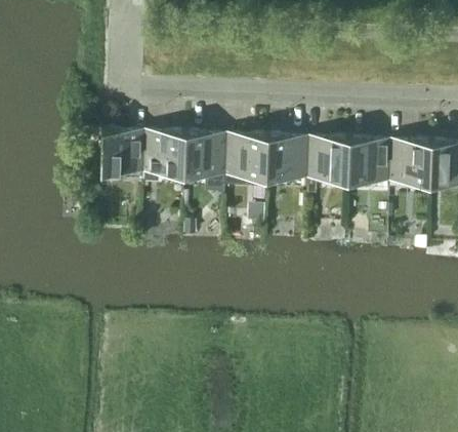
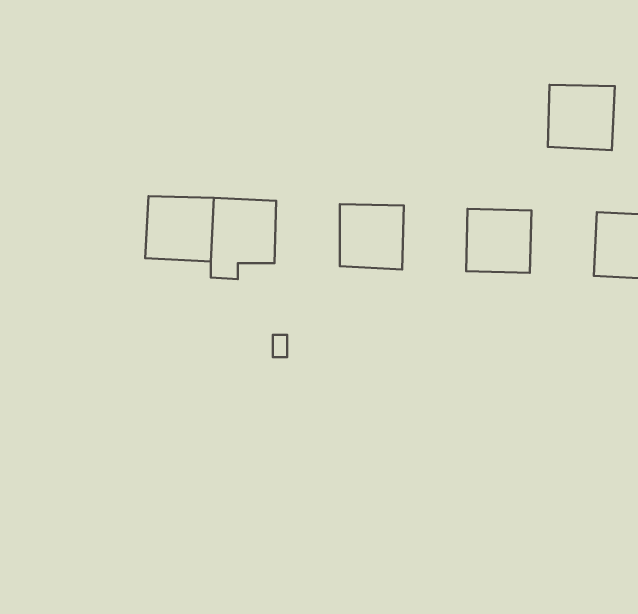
building: [185,134,227,176] -> none
building: [267,138,309,180] -> none
building: [349,141,392,183] -> [548,85,615,150]

